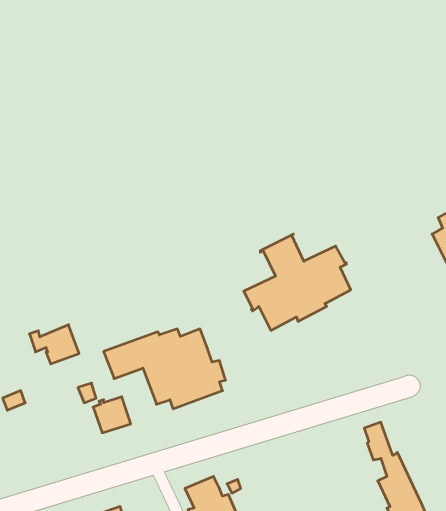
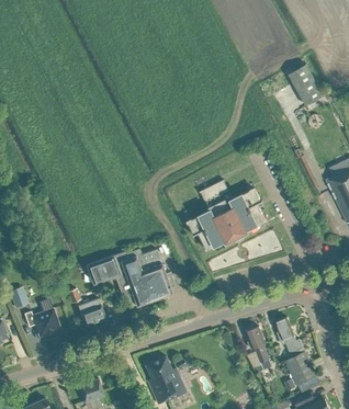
building: none -> [288,64,325,106]
building: [29,325,79,364] -> [24,307,60,336]
building: none -> [246,326,272,370]

